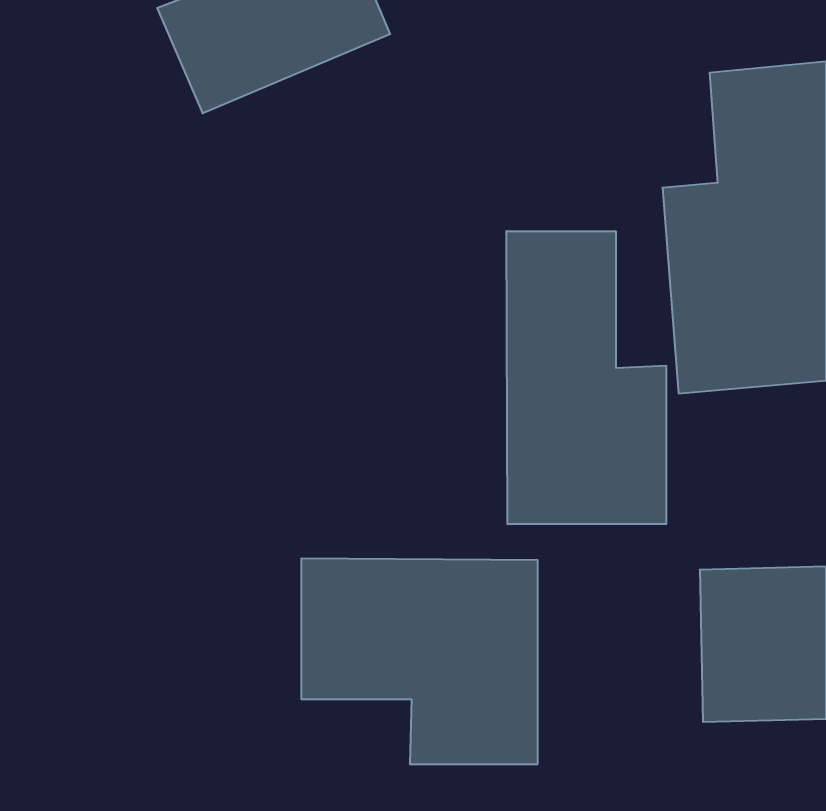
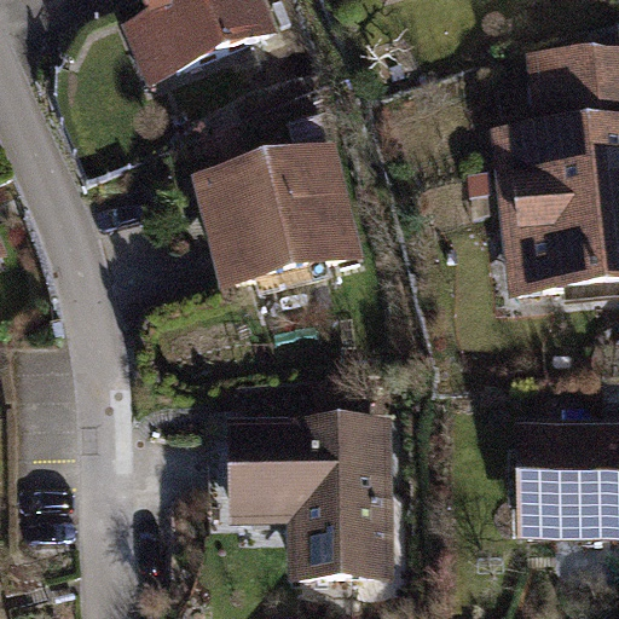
building: none -> [196,146,358,282]
building: [506,231,666,524] -> none

